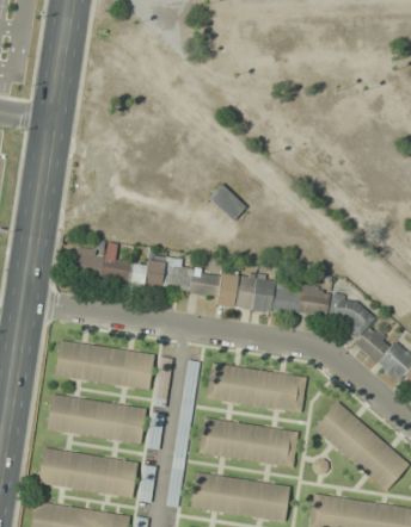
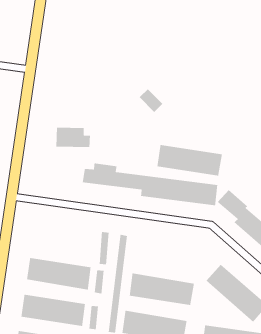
building: [210,185,246,221] -> [139,88,163,113]
building: [74,248,127,279] -> [55,127,91,148]
building: [55,341,153,389] -> none
building: [206,364,303,411] -> [157,144,223,177]

